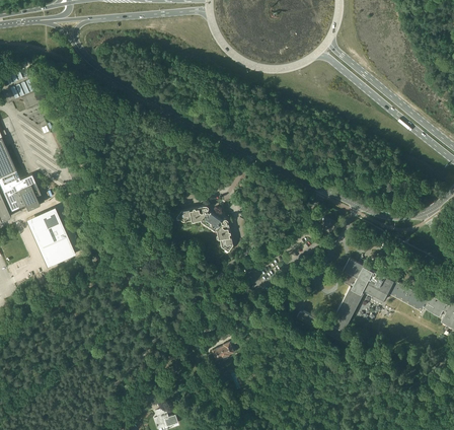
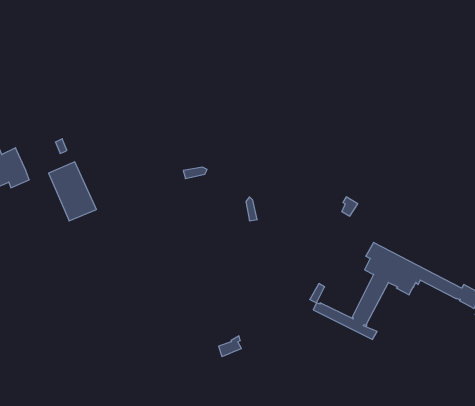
building: [175,205,232,252] -> none
building: [31,211,74,264] -> [49,162,96,221]

